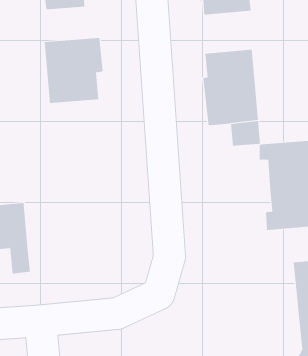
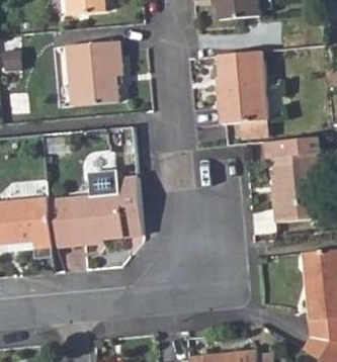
building: none -> [46,170,140,246]

